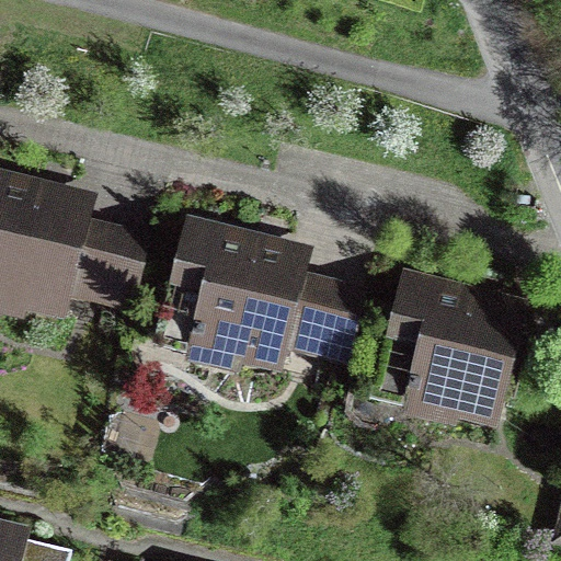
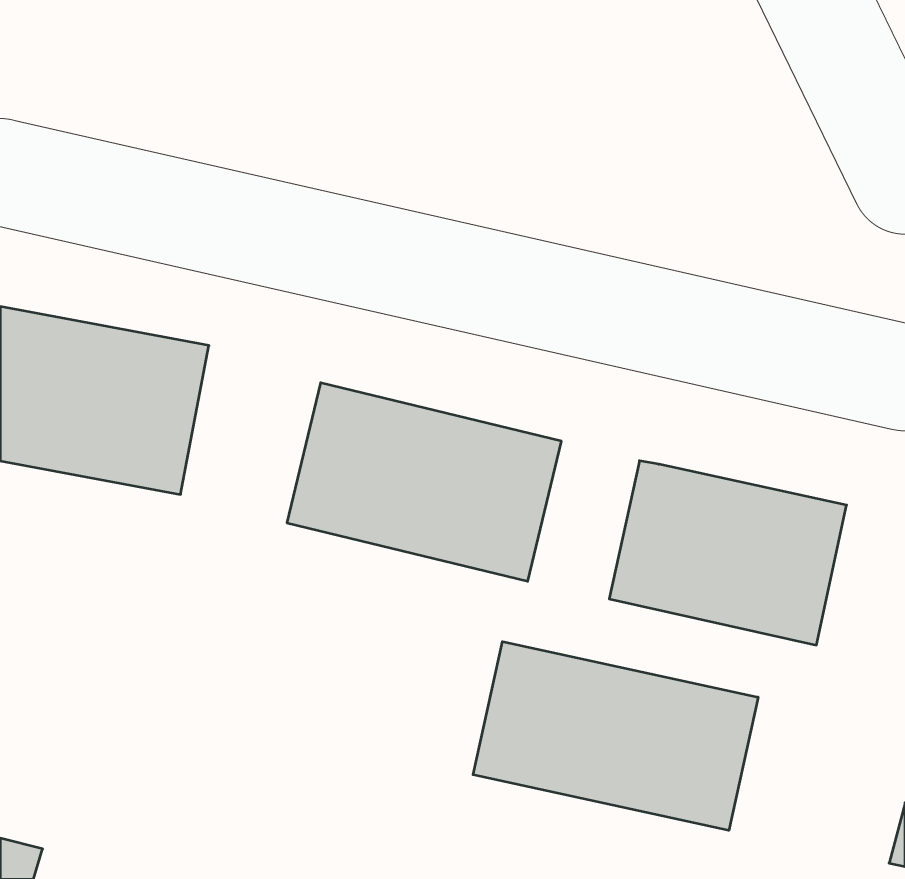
building: none -> [473,642,758,830]

